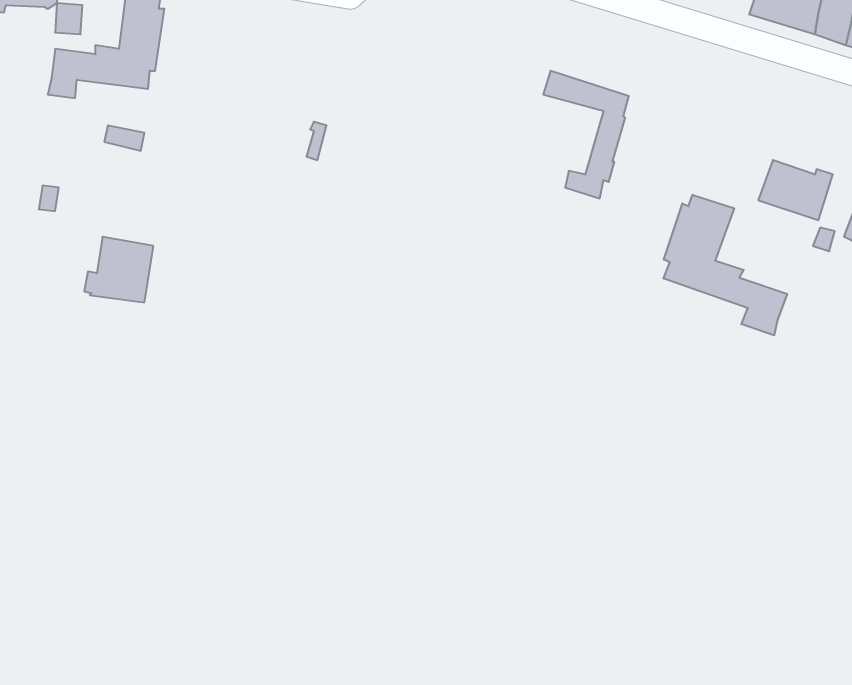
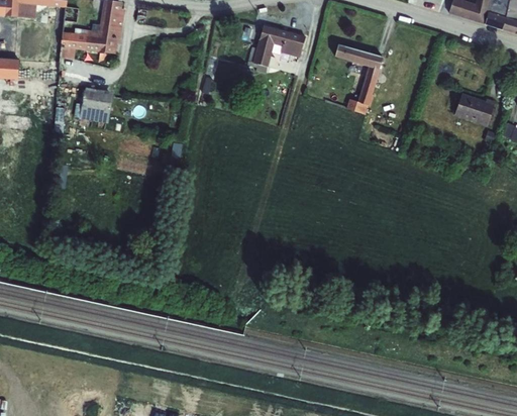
building: none -> [246,24,305,73]
building: [663,195,787,335] -> none
building: [84,237,153,302] -> [75,87,113,123]

